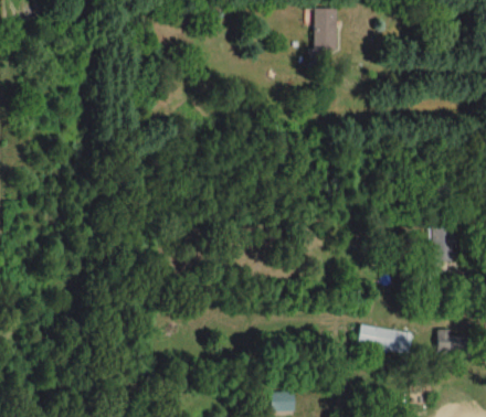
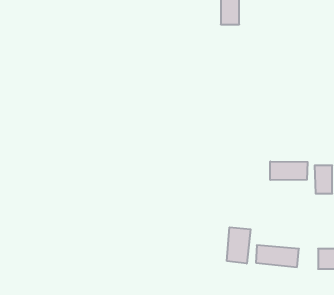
building: none -> [270,161,308,180]
building: none -> [227,227,251,264]

